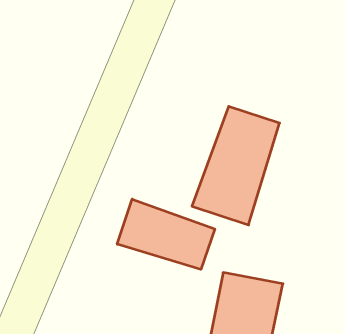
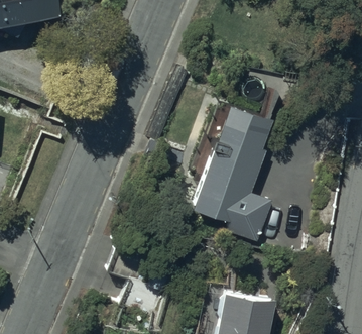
building: [117,199,215,269] -> none

